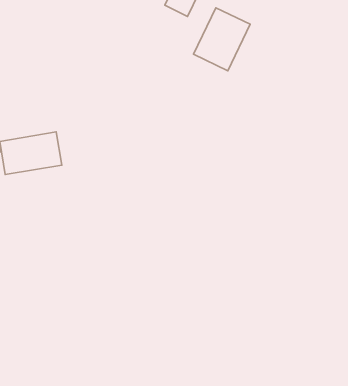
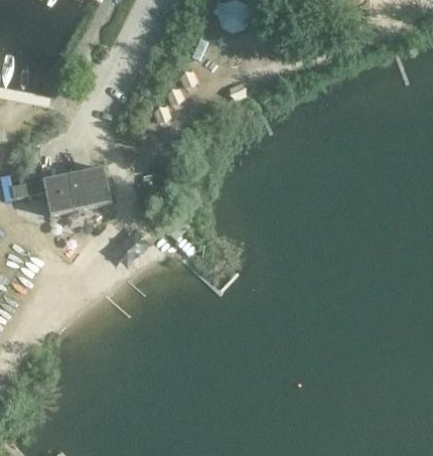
building: [194,8,250,71] -> none

